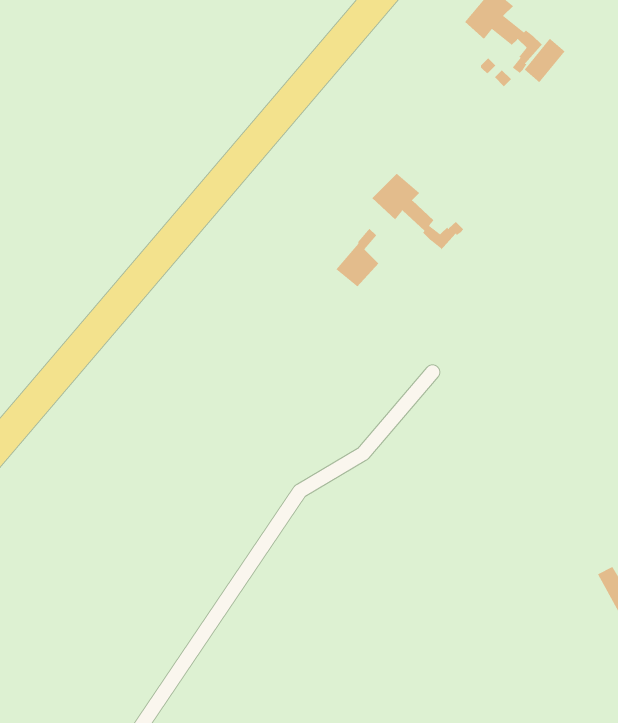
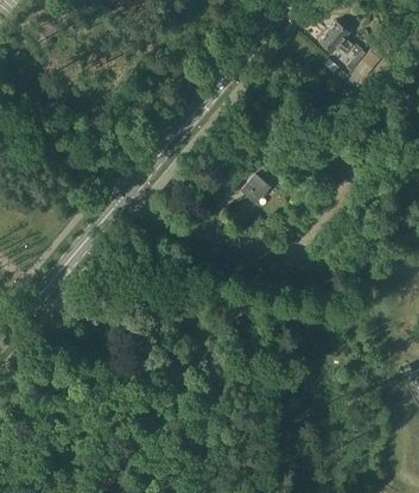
building: [371,173,464,251] -> none

